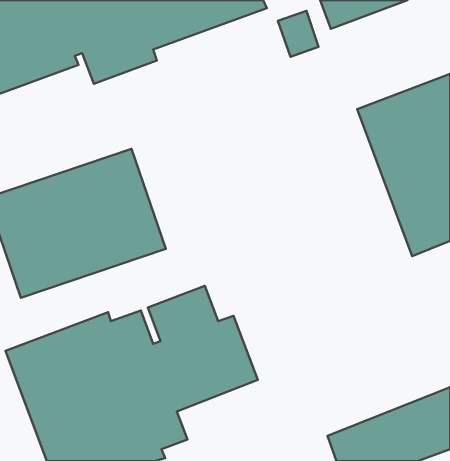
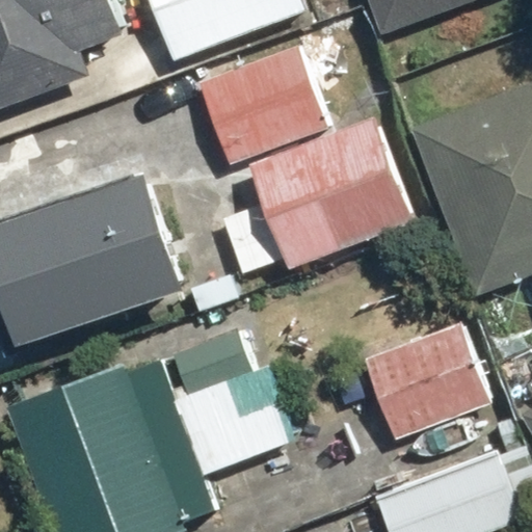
building: none -> [196,45,327,162]
building: none -> [250,114,416,268]
building: none -> [364,321,489,438]

